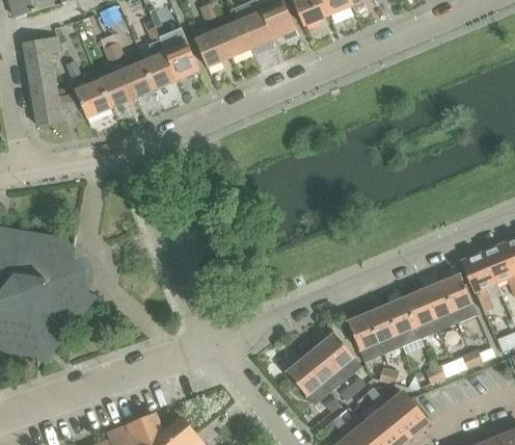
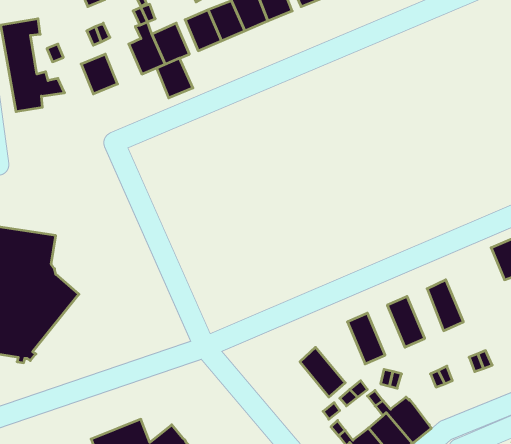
building: [120,60,155,98] -> [156,58,193,98]
building: [75,79,109,117] -> none
building: [463,252,495,311] -> none
building: [440,273,476,321] -> none
building: [404,290,438,337] -> none
building: [367,306,402,352] -> none
building: [318,332,361,378] -> none
building: [288,359,330,404] -> none

